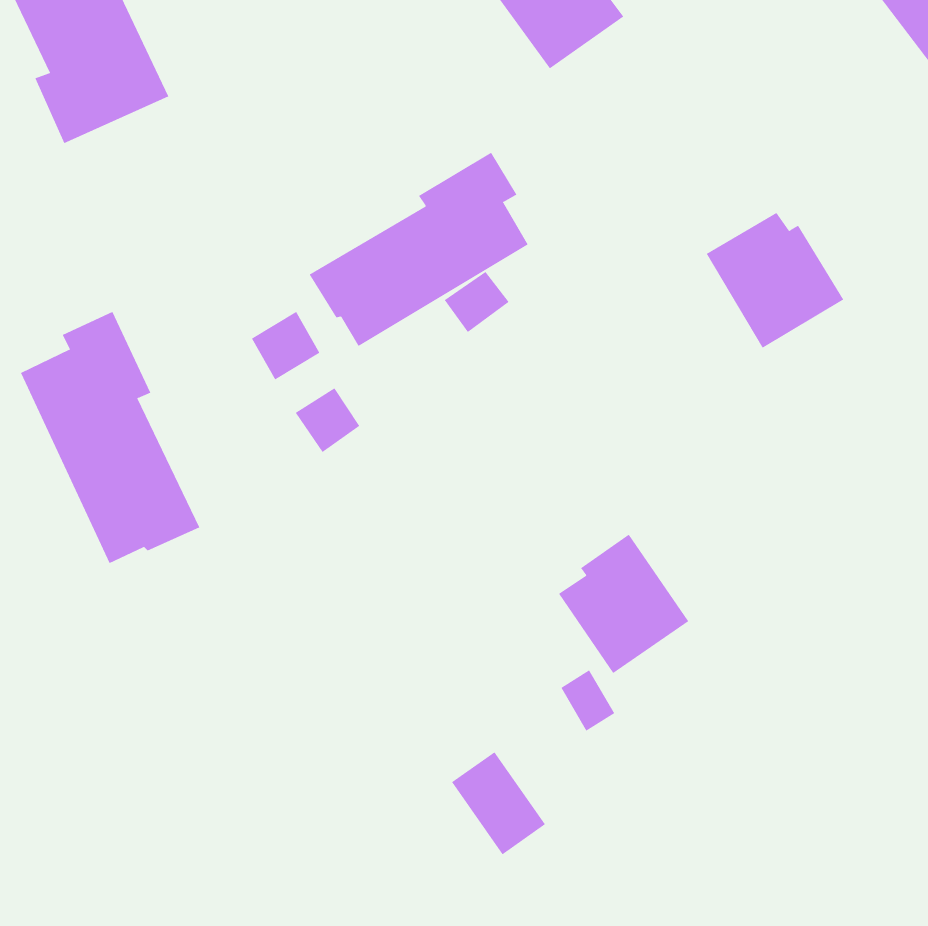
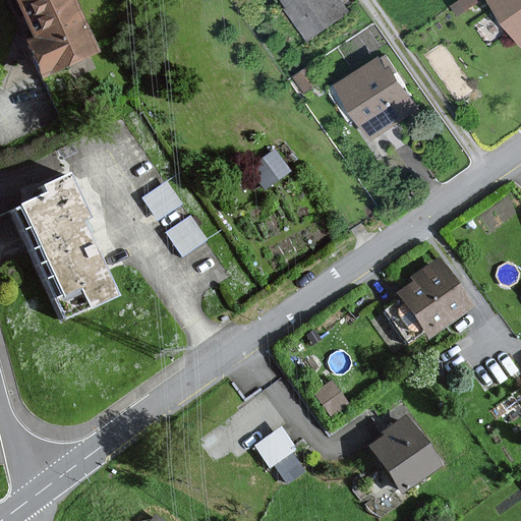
building: [309,152,528,347] -> none
building: [706,212,844,349] -> [341,59,418,135]
building: [558,534,689,674] -> [394,263,467,341]
building: none -> [377,414,442,487]

